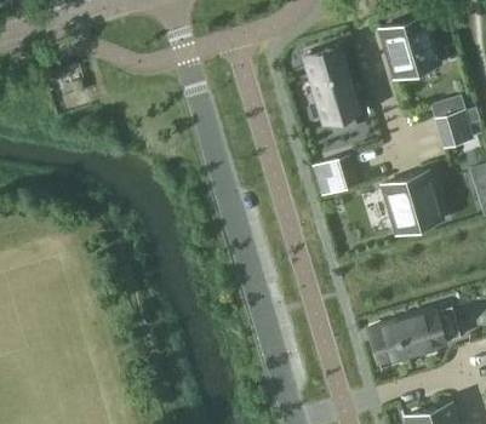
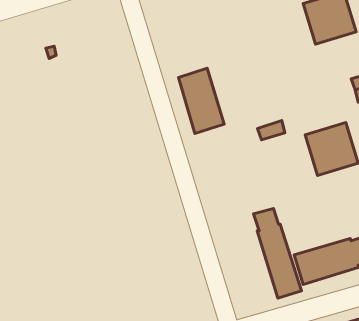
building: [304,47,359,125] -> [179,68,224,133]
building: none -> [254,208,302,298]

